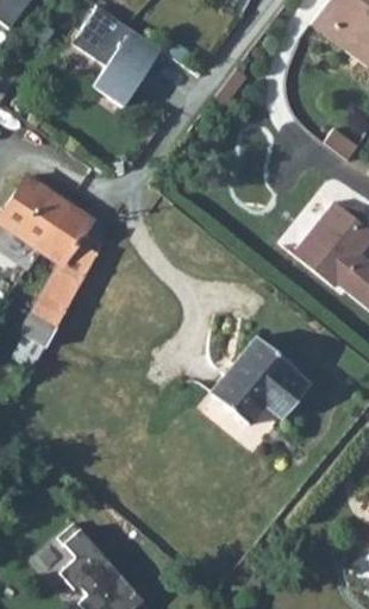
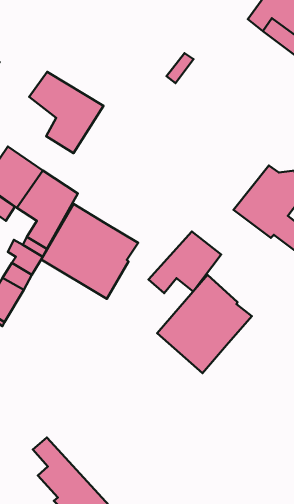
building: [70,12,158,108] -> [29,72,104,153]
building: none -> [41,204,138,299]
building: none -> [148,232,221,293]

